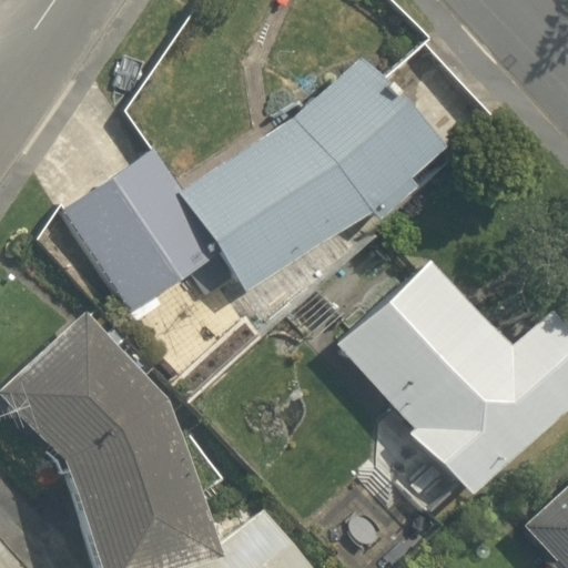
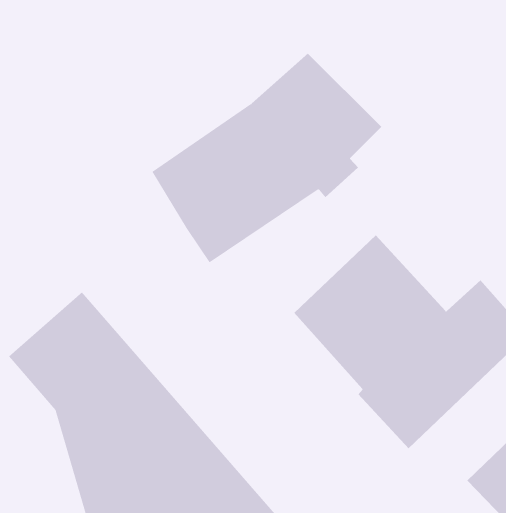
building: [63,154,217,318] -> none

